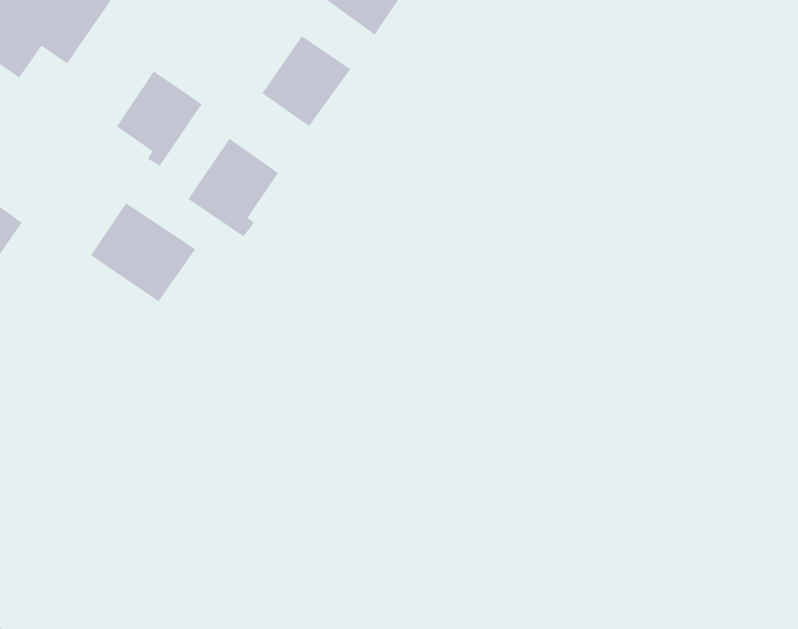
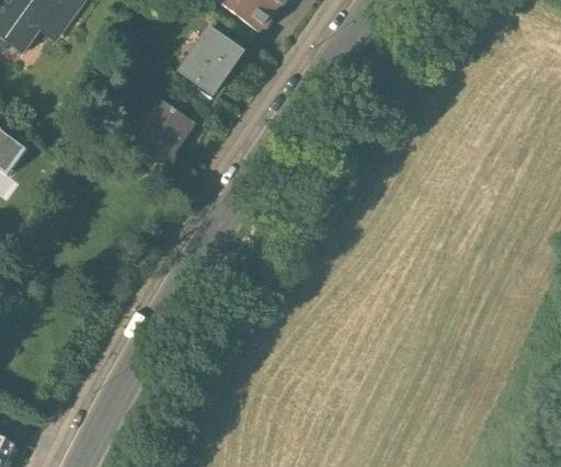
building: [116,70,203,166] -> none
building: [90,203,196,302] -> none

